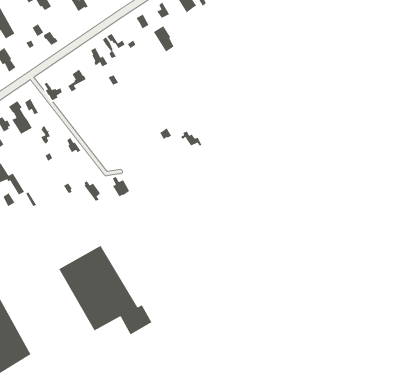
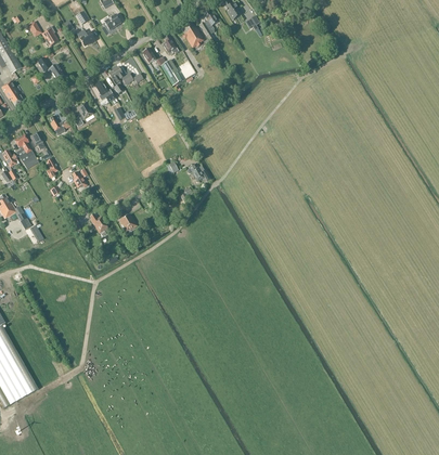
building: [58,245,153,335] -> none

